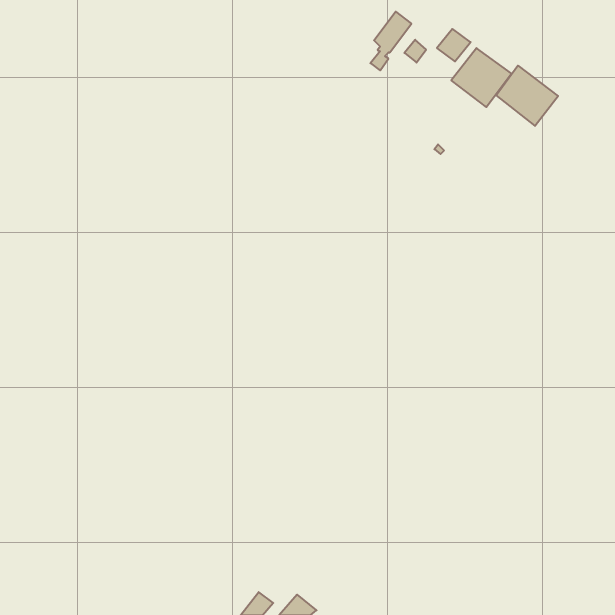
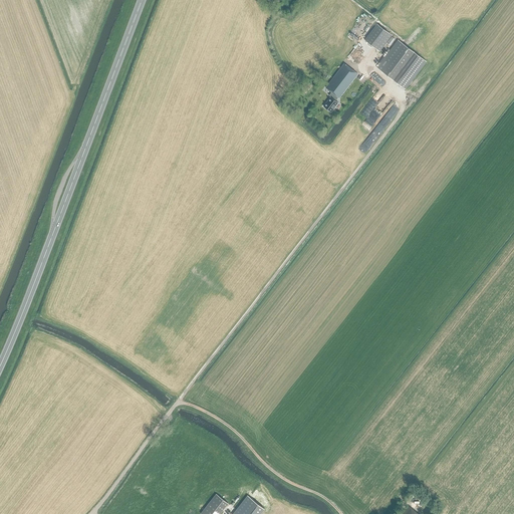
building: [370,12,411,70] -> [323,63,357,112]
building: [496,66,558,126] -> none

